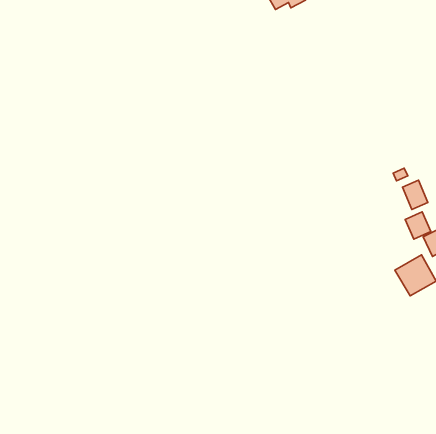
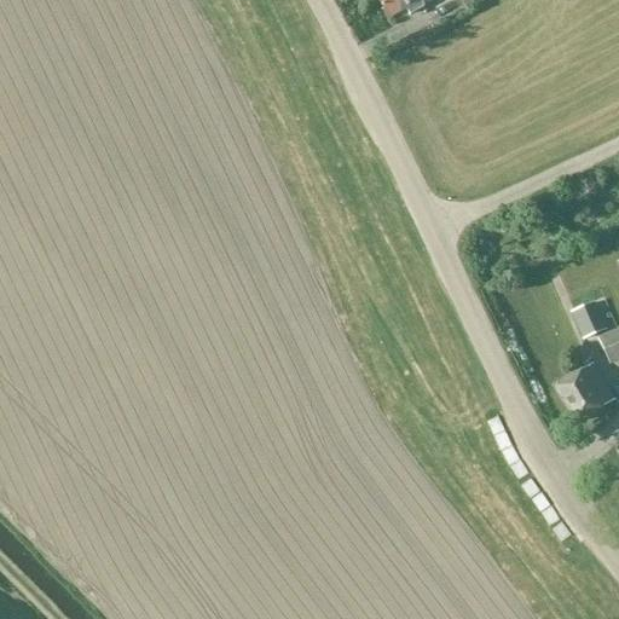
building: [402,180,428,210] -> none

